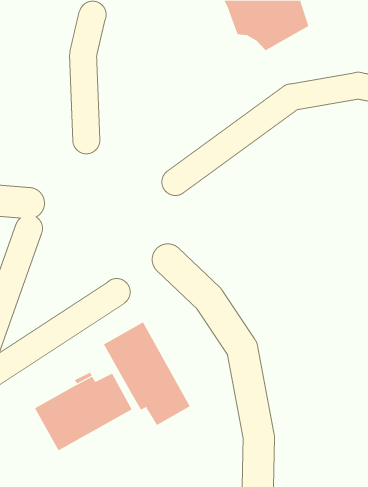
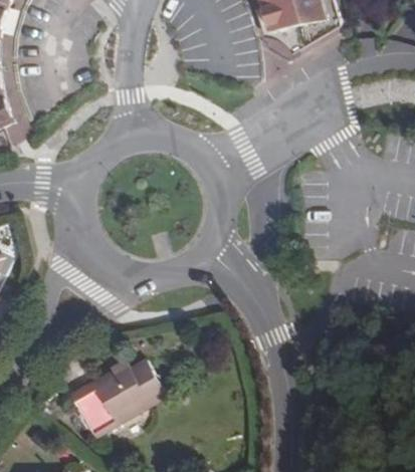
building: [103,322,190,426] -> none

